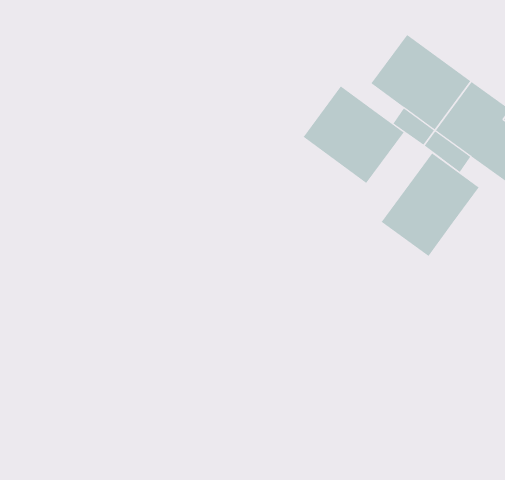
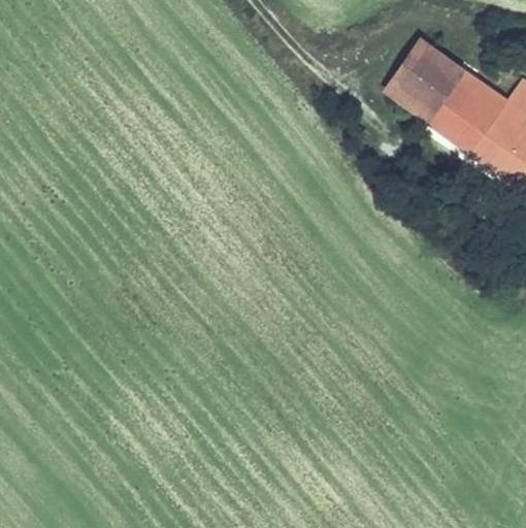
building: [303,85,404,184] -> none
building: [381,152,480,257] -> none

